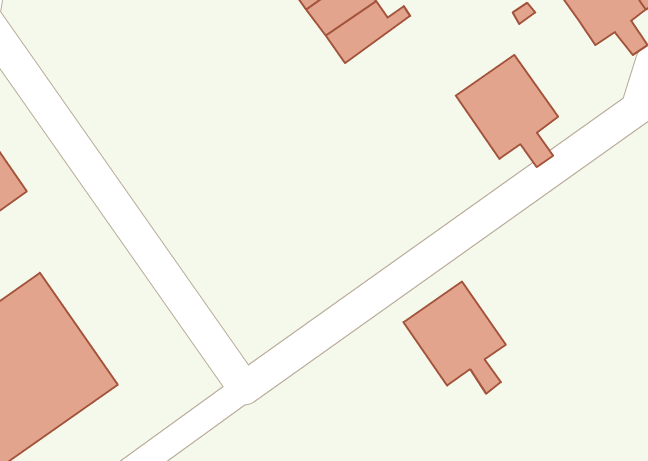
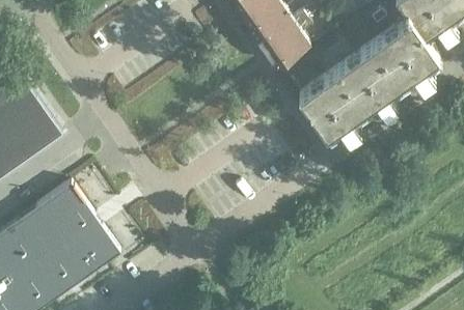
building: none -> [265,19,311,65]
building: none -> [373,20,436,89]
building: [403,282,506,394] -> [298,69,363,141]

